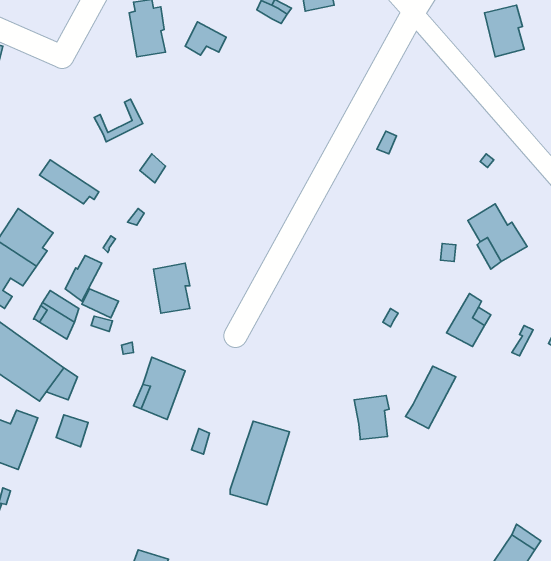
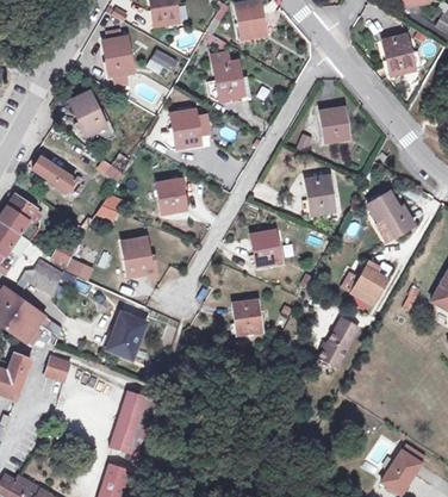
building: none -> [207,52,250,100]
building: none -> [70,92,105,135]
building: none -> [319,107,346,142]
building: none -> [170,108,199,148]
building: none -> [305,175,332,215]
building: none -> [156,179,185,213]
building: none -> [250,230,282,265]
building: [354,395,389,439] -> [232,299,260,334]
building: [230,421,290,505] -> [110,390,156,455]

